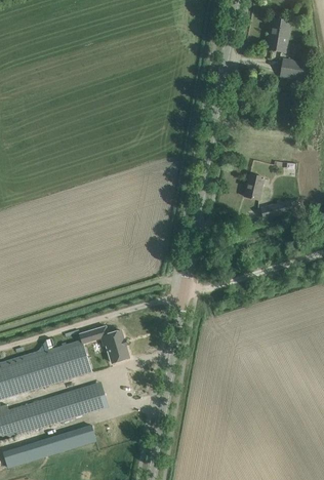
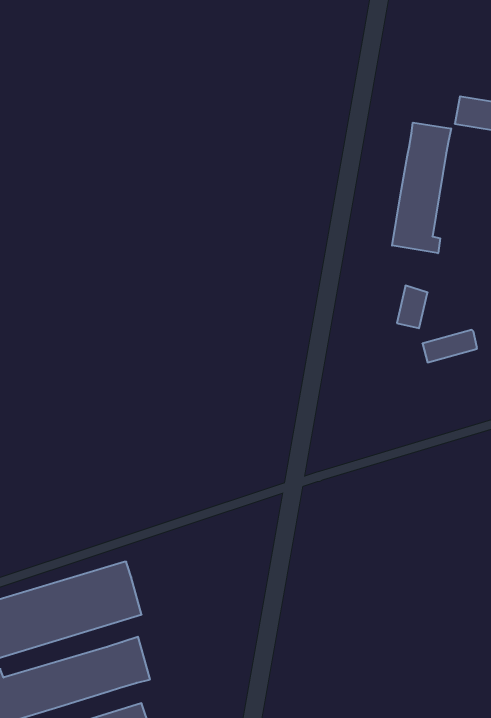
building: [269,18,289,51] -> none
building: none -> [392,123,451,253]
building: [79,325,129,362] -> none

